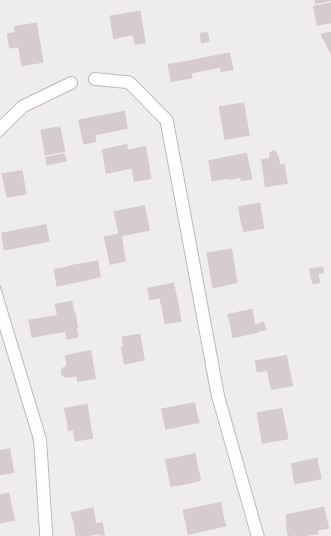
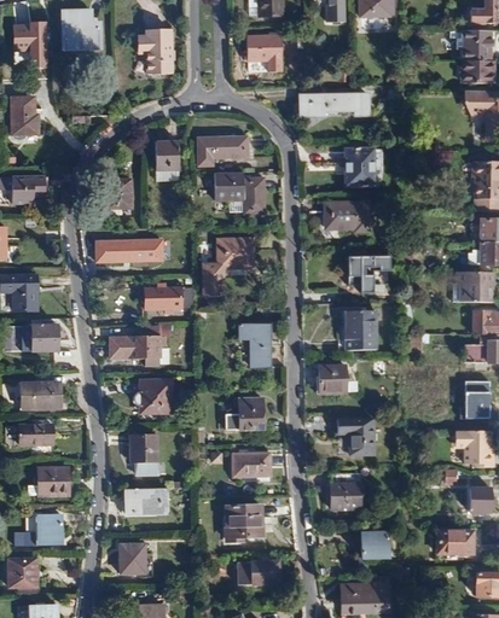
building: [260,149,289,188] -> none
building: [205,247,239,289] -> [346,310,375,350]
building: [120,333,146,366] -> [238,398,262,430]
building: none -> [123,488,161,513]

